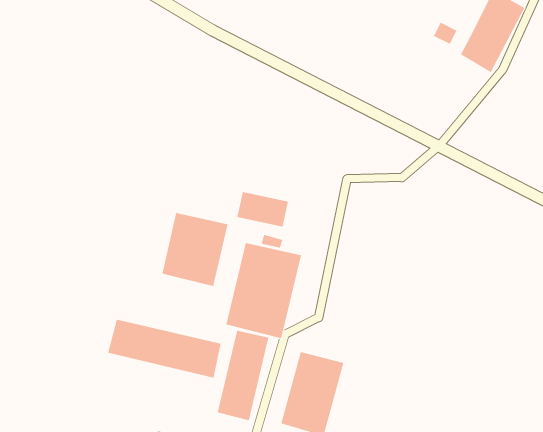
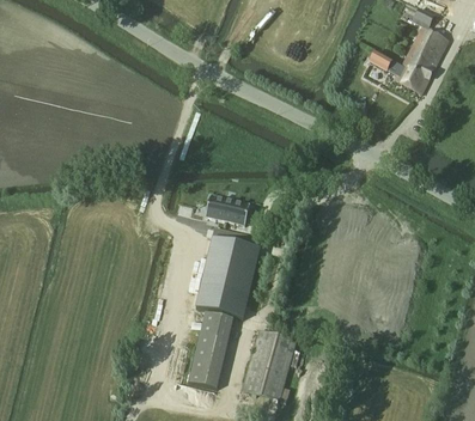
building: [162,212,228,287] -> none
building: [107,319,221,379] -> none

